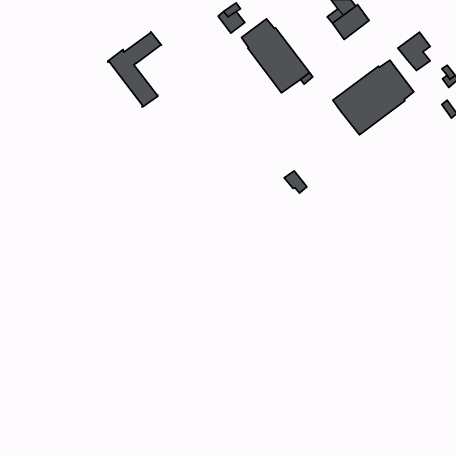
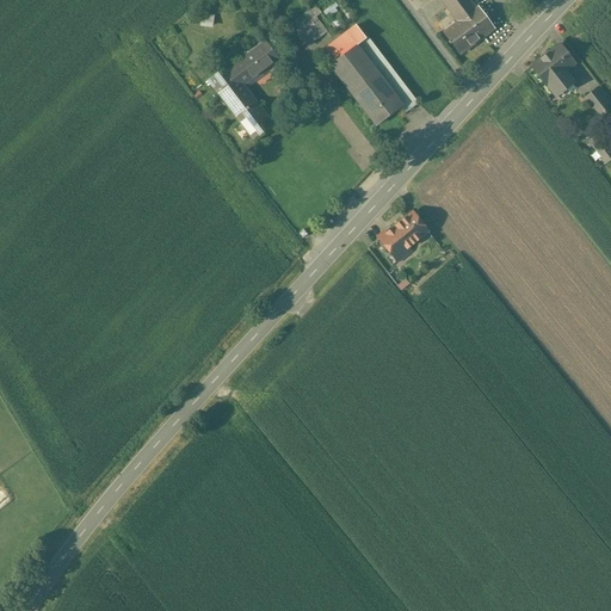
building: [108,32,161,107] -> [209,39,280,140]
building: [333,60,414,135] -> none
building: none -> [394,211,428,246]

